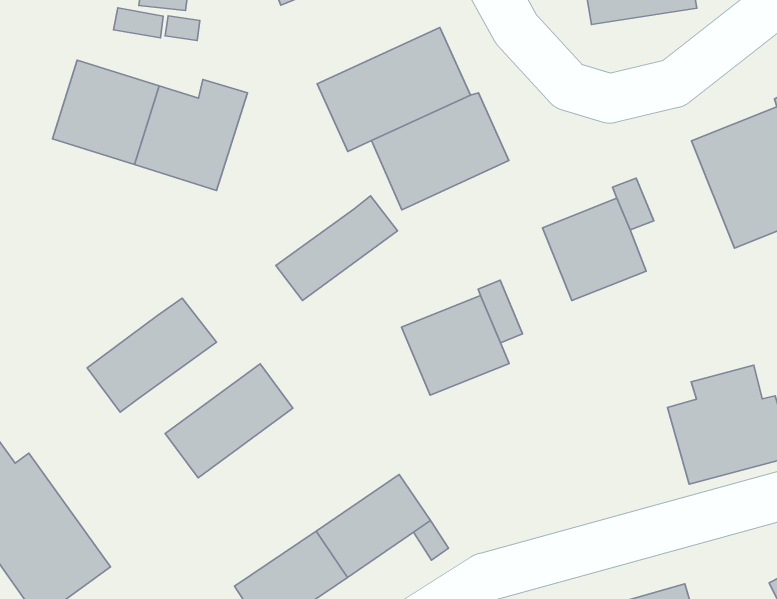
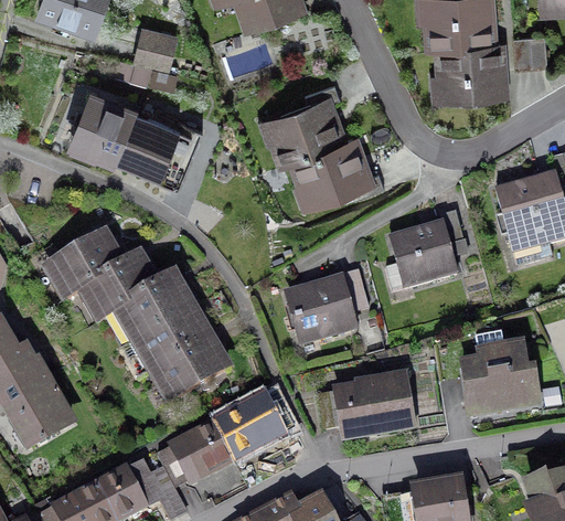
building: [276,196,397,301] -> [108,279,192,344]
building: none -> [36,228,127,306]
building: none -> [142,337,233,413]
building: none -> [330,366,417,446]

